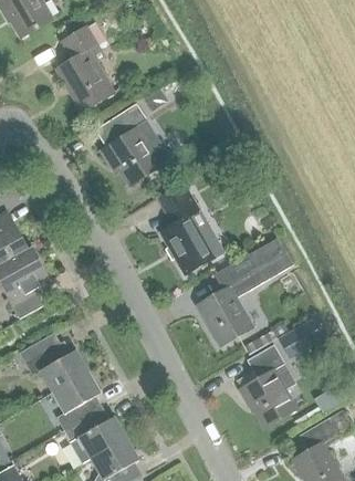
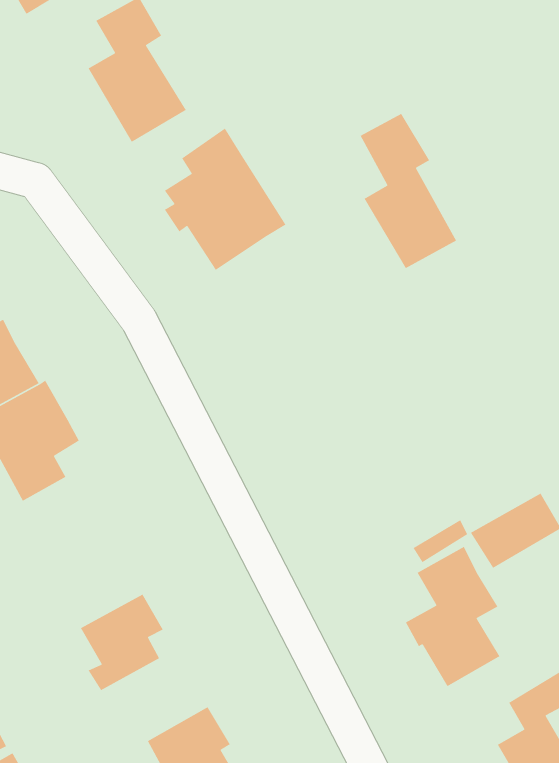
building: [158,182,215,273] -> [360,113,457,269]
building: [197,237,292,345] -> none
building: [20,332,88,391] -> none
building: [64,409,126,462] -> none

